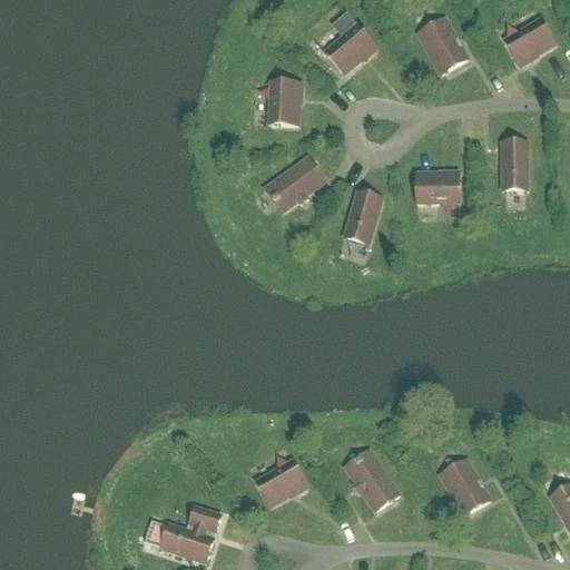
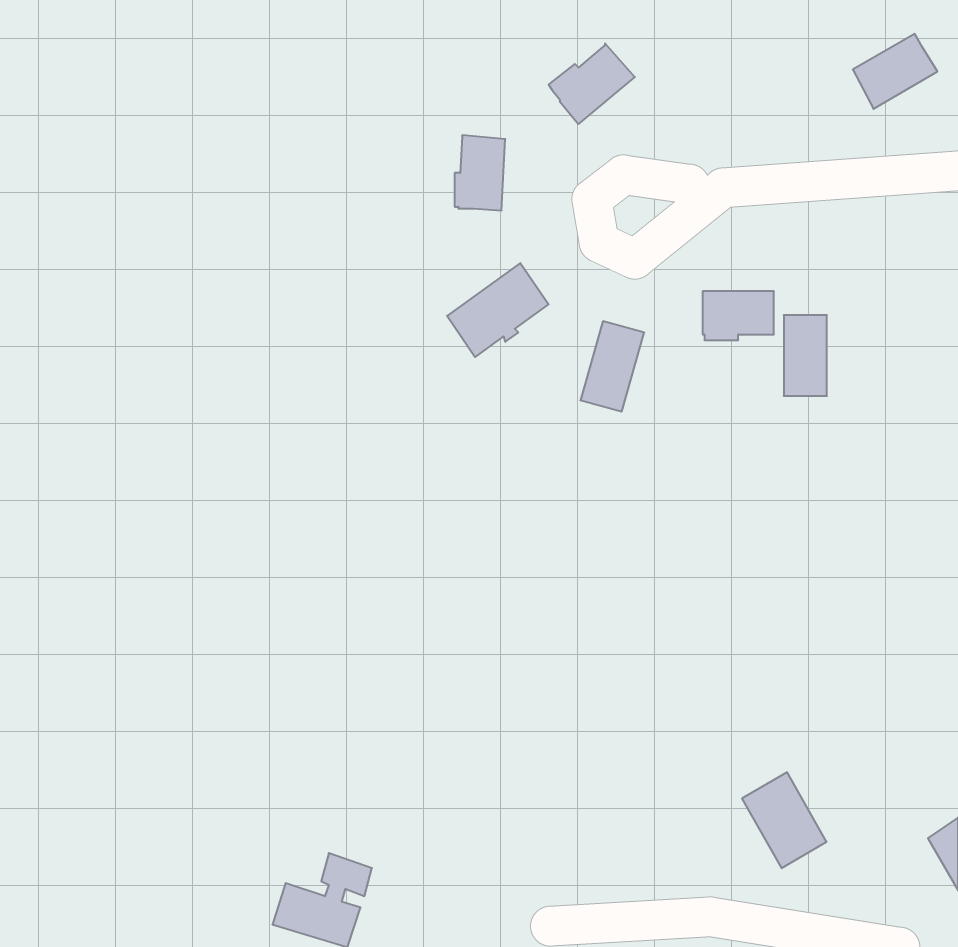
building: [417,17,468,72] -> none
building: [502,141,528,189] -> [784,315,827,396]
building: [344,449,400,510] -> none
building: [256,461,307,505] -> none

